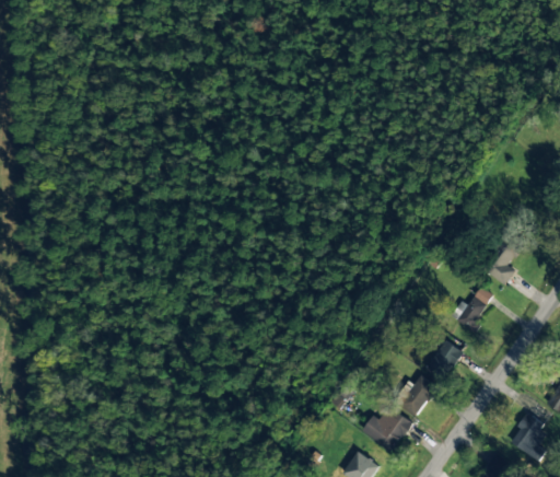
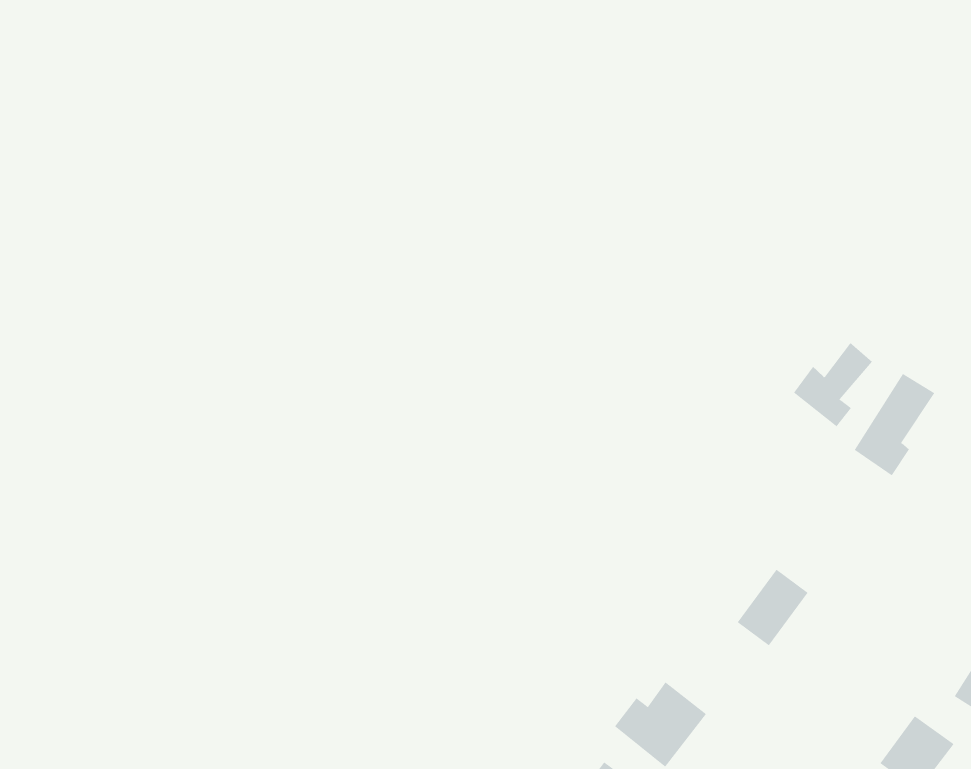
building: [451,286,493,333] -> [793,342,873,427]
building: [394,374,438,415] -> none

